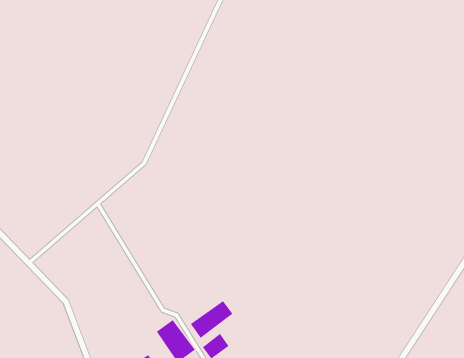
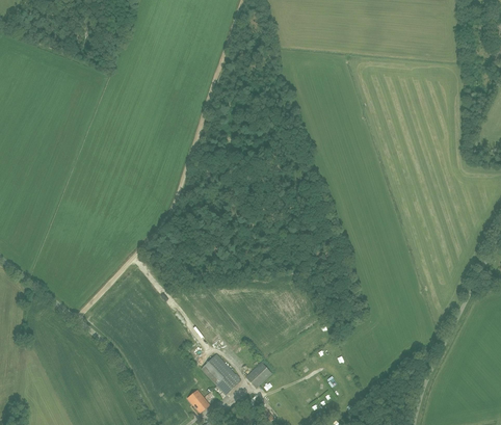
building: [190,300,233,339] -> none

